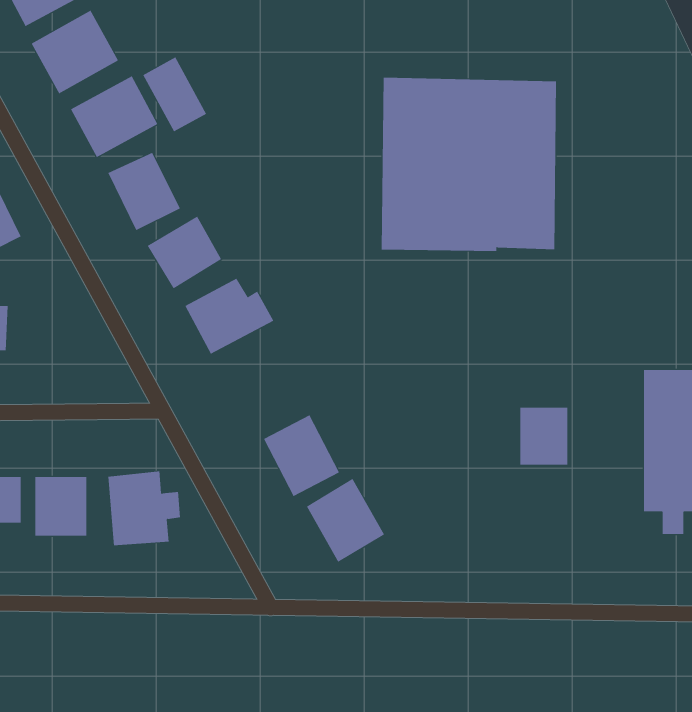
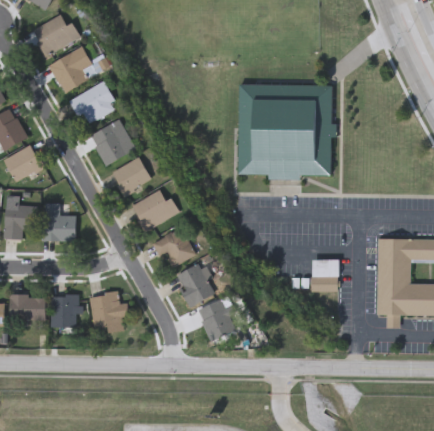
building: [142,57,207,132] -> none
building: none -> [44,203,75,241]
building: none -> [153,227,196,270]

